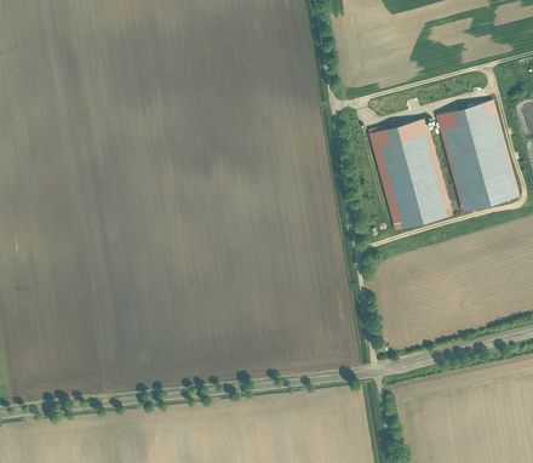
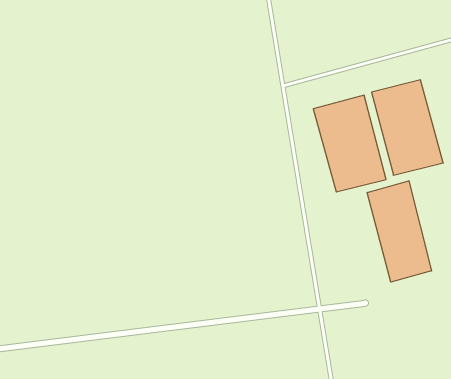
building: none -> [367,181,432,282]

